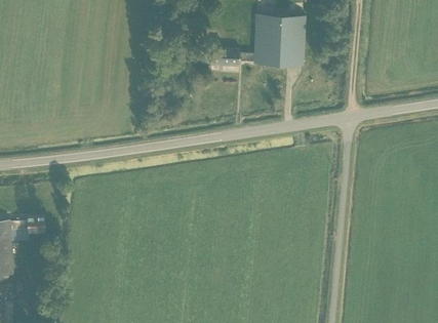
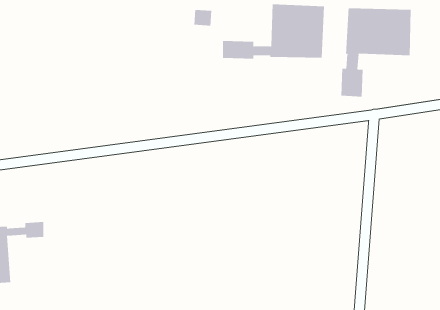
building: none -> [341,7,411,98]

